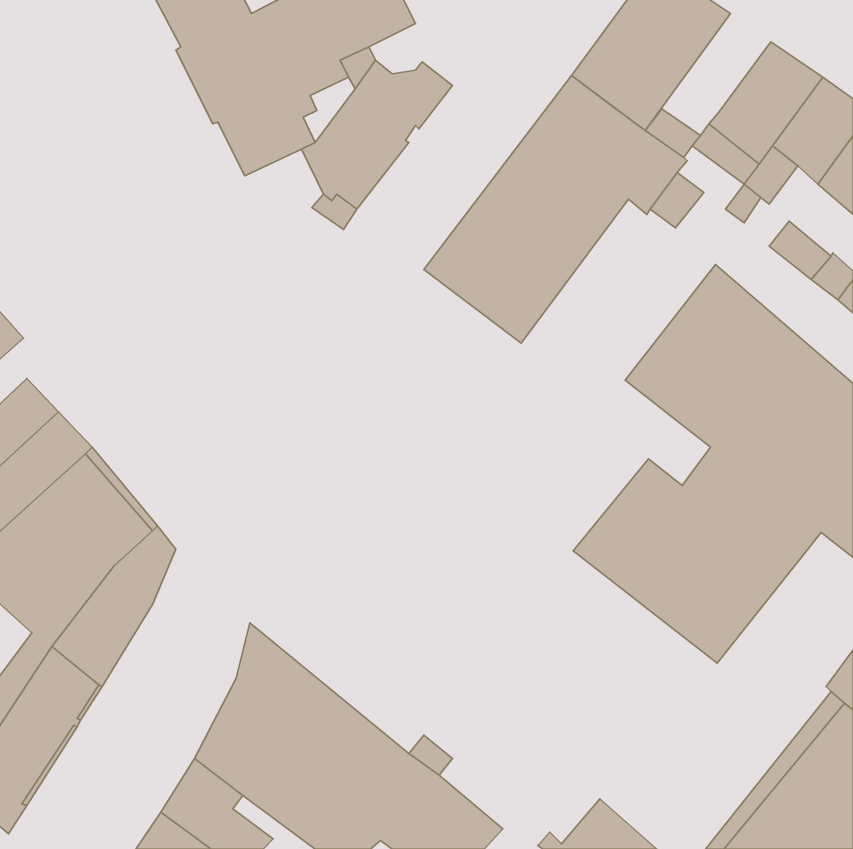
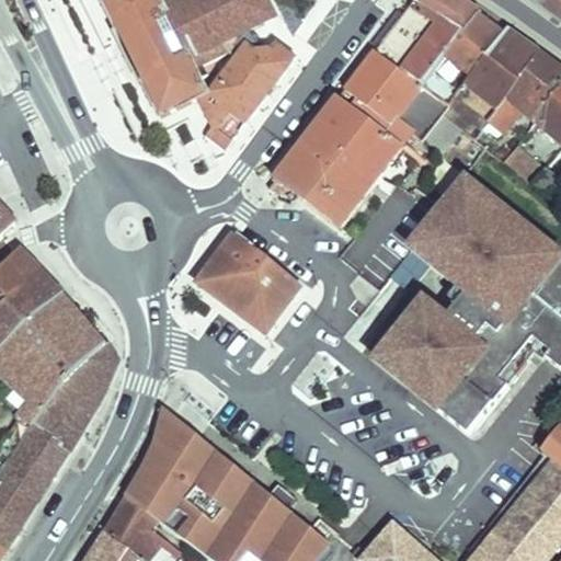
building: none -> [445,9,504,73]
building: none -> [198,232,304,330]

